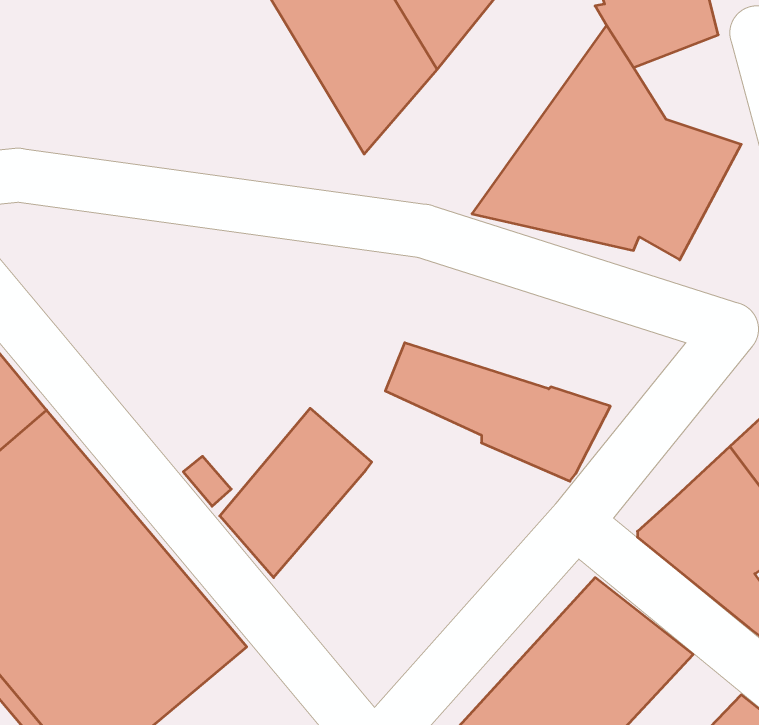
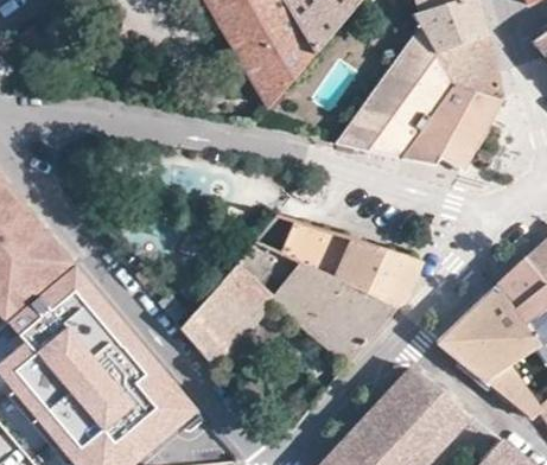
building: none -> [434,33,503,101]
building: none -> [235,241,395,365]

